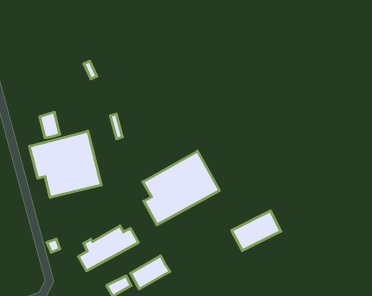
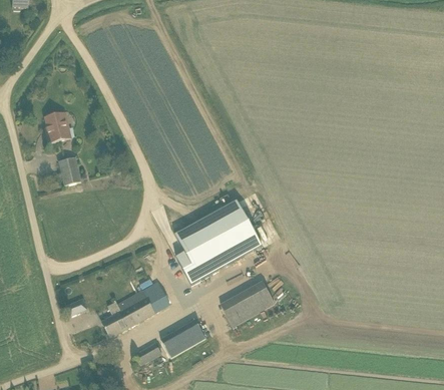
building: none -> [44,110,70,141]
building: [30,131,101,197] -> none
building: [232,211,281,251] -> [218,280,275,325]

